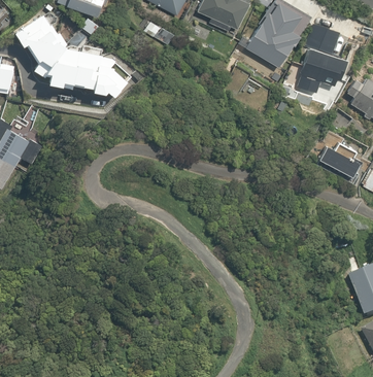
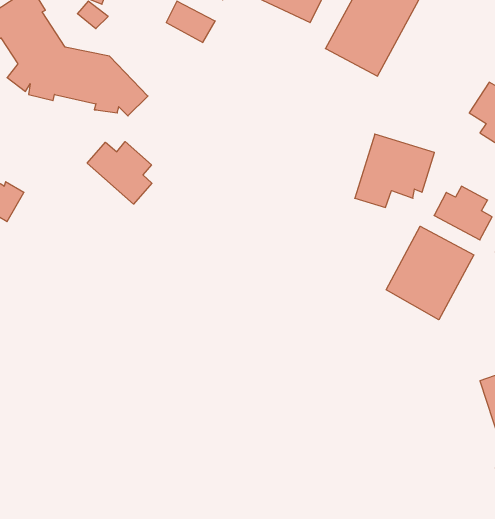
building: [296,44,349,94] -> [355,134,434,207]
building: none -> [87,142,152,204]
building: none -> [386,226,474,320]

